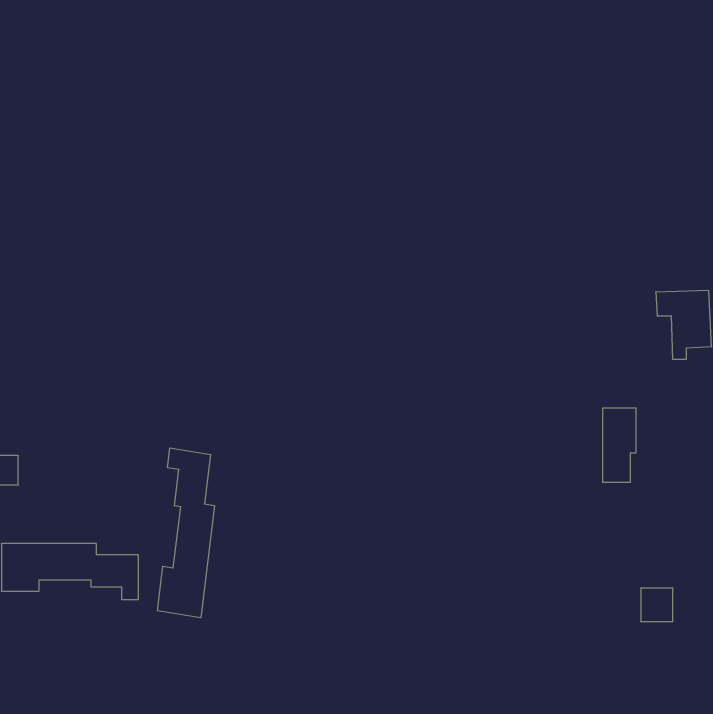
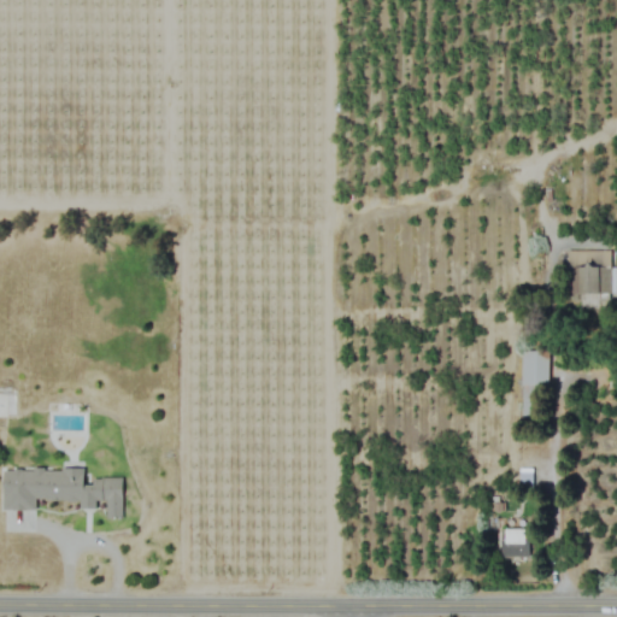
building: [157,448,215,618] -> none
building: [641,588,673,622] -> [500,529,528,558]

